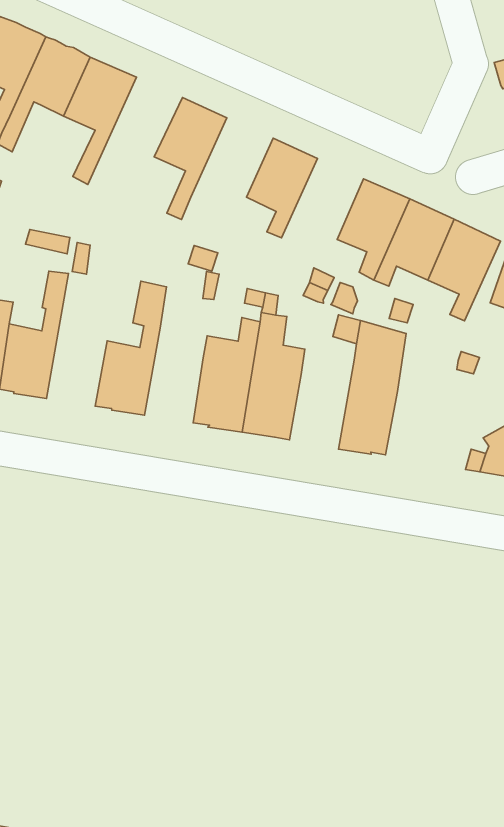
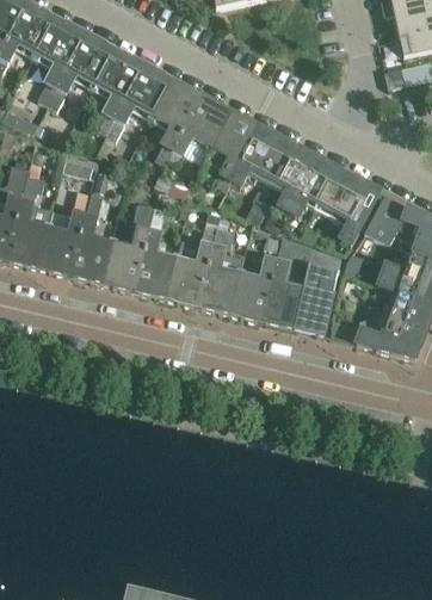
building: none -> [107,64,174,138]
building: none -> [175,95,233,160]
building: none -> [234,126,291,184]
building: none -> [70,192,113,282]
building: none -> [135,205,177,297]
building: none -> [294,247,341,334]
building: none -> [230,260,277,321]

